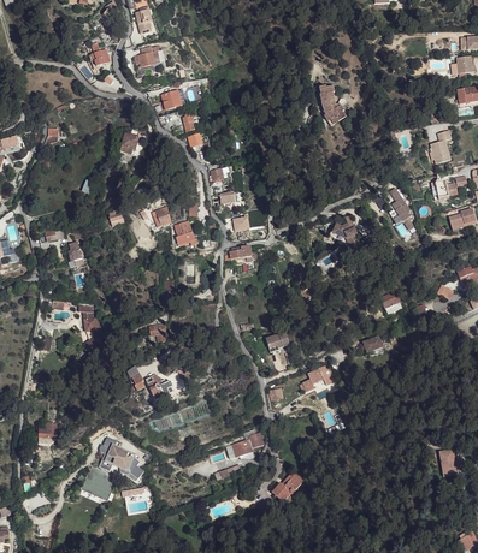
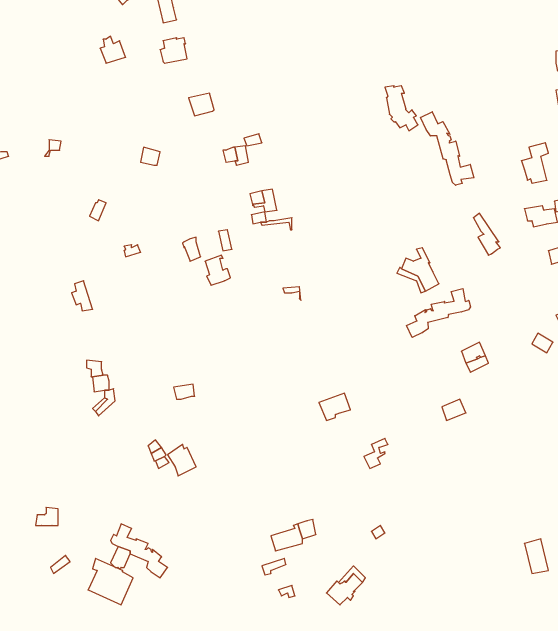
building: none -> [421,112,474,185]
building: none -> [406,289,471,337]

